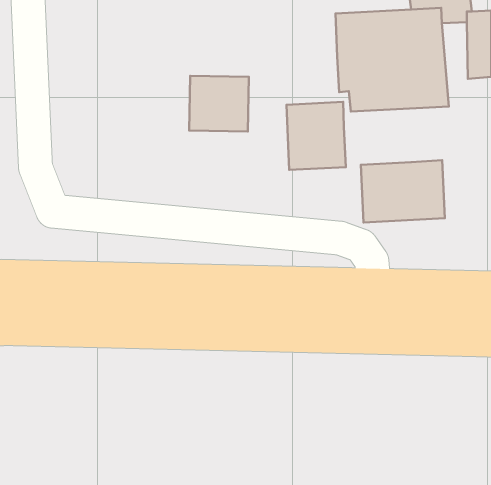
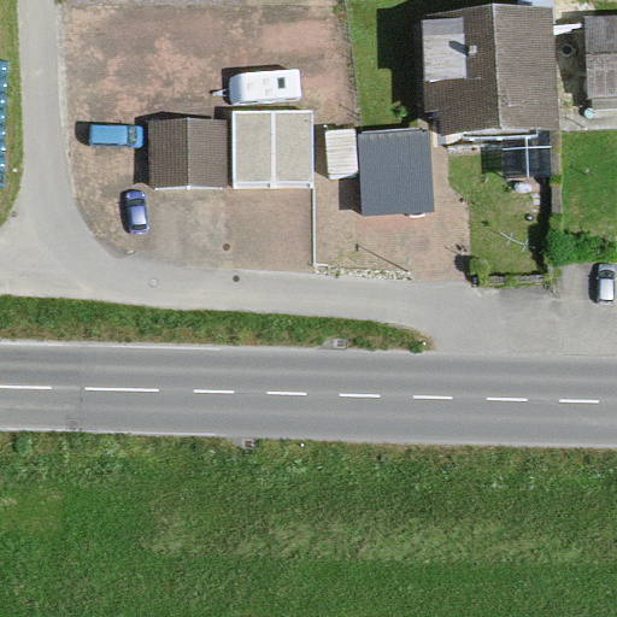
building: none -> [149,118,227,187]
building: [361,160,445,223] -> none

